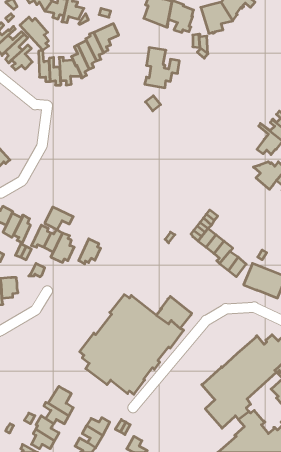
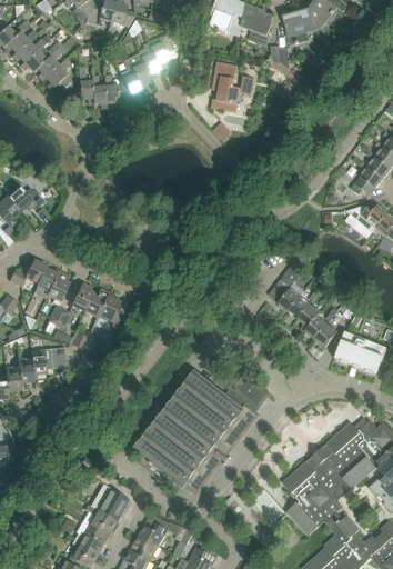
building: [20,17,49,50] -> none
building: [45,207,73,230] -> none
building: [79,239,101,264] -> none

